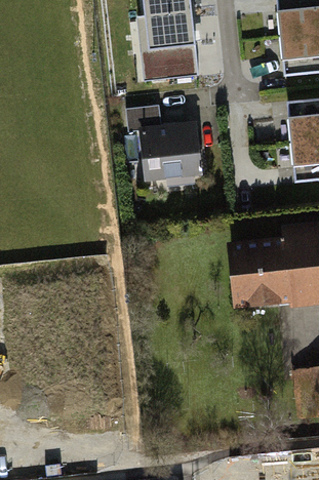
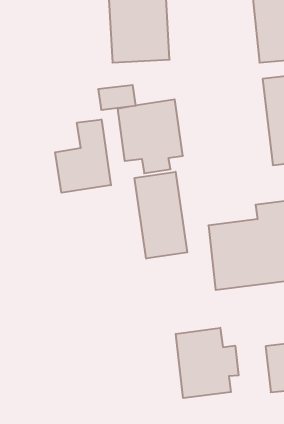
building: none -> [55,119,111,193]
building: none -> [135,172,187,259]
building: none -> [176,328,239,398]

